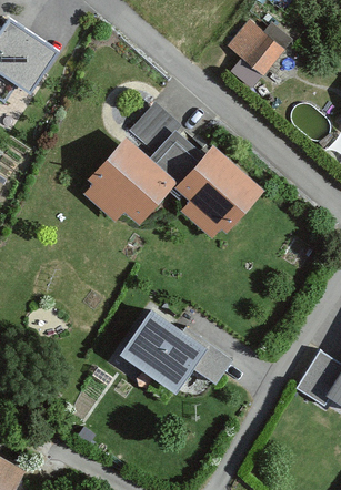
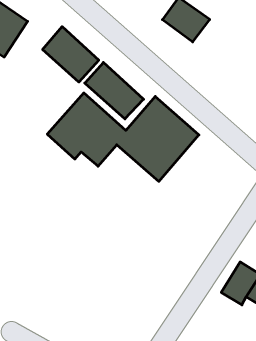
building: none -> [43,27,99,82]
building: [110,306,231,397] -> none

